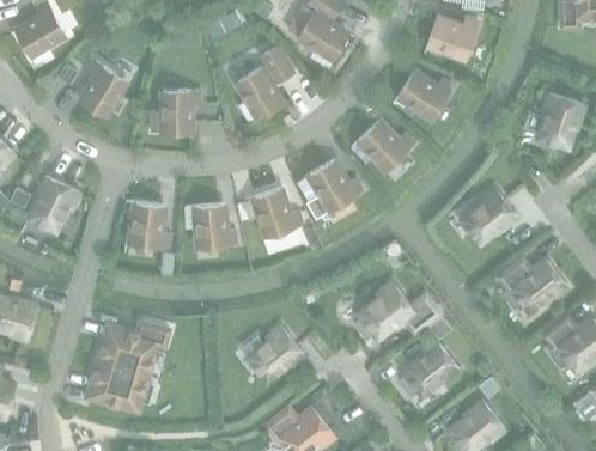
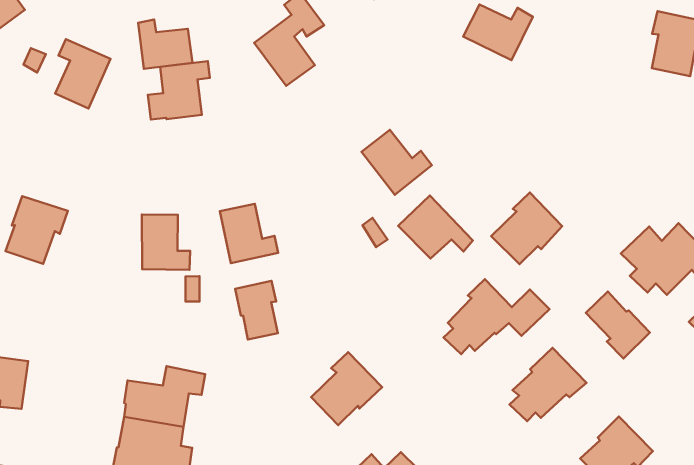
building: none -> [138,20,192,69]
building: [357,120,412,169] -> none
building: [253,188,300,236] -> none
building: [460,188,515,242] -> [491,193,562,264]
building: none -> [398,196,473,259]
building: none -> [235,281,278,339]
building: none -> [586,292,650,359]

